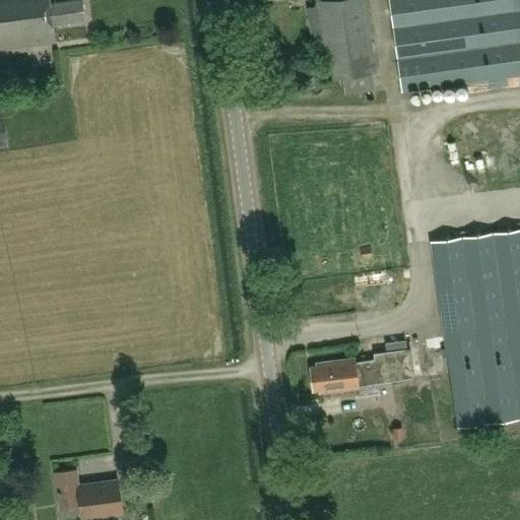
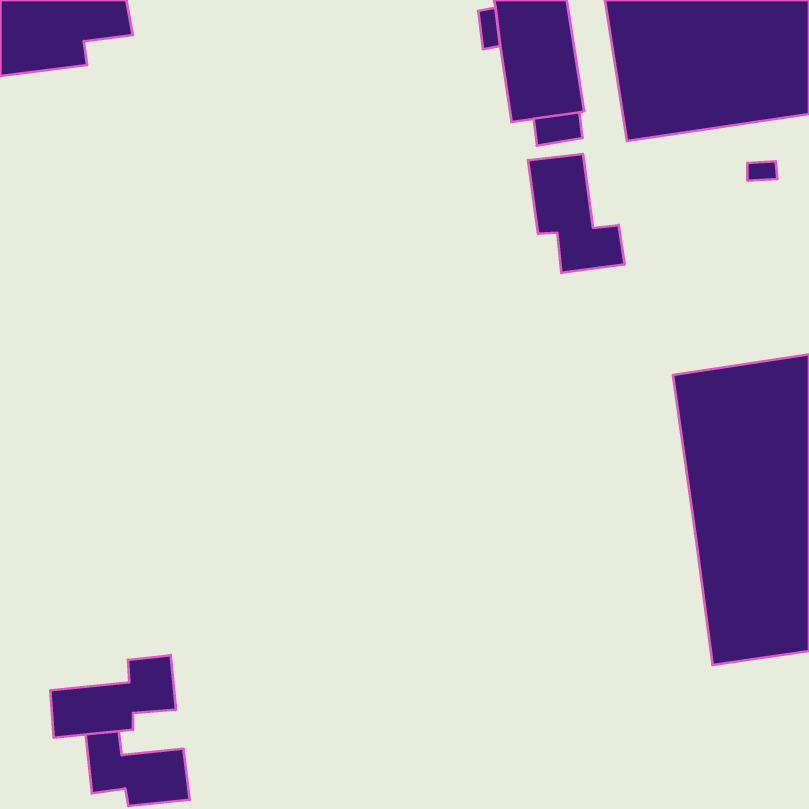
building: none -> [528,154,624,273]
building: [310,346,422,394] -> none
building: none -> [50,655,176,738]

